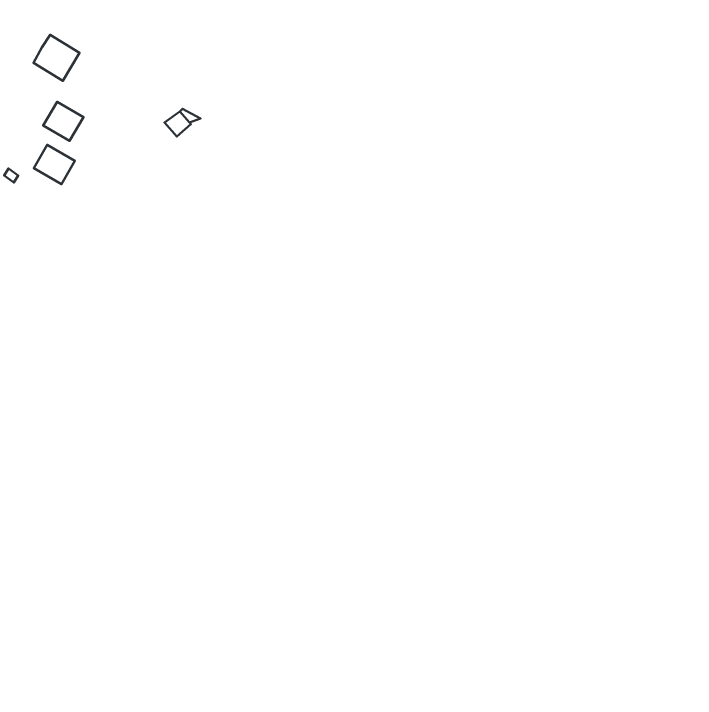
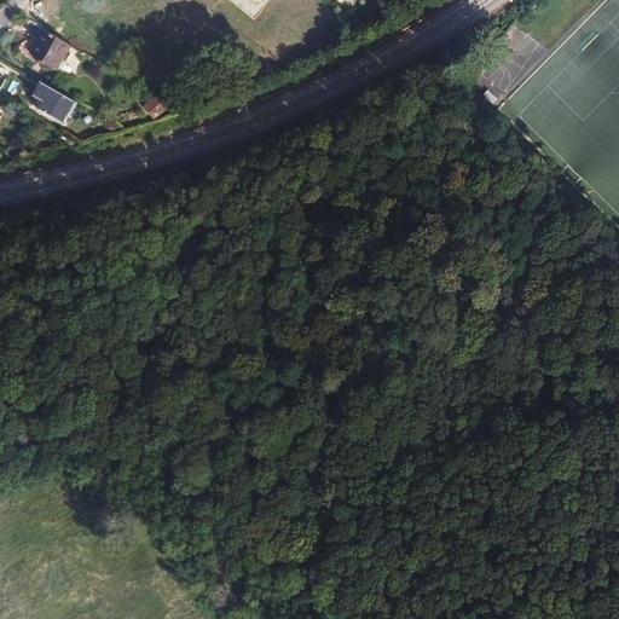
building: [34,145,75,184] -> none

